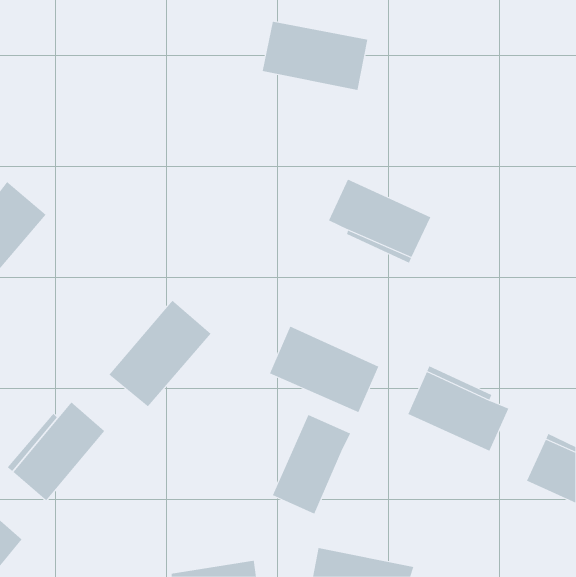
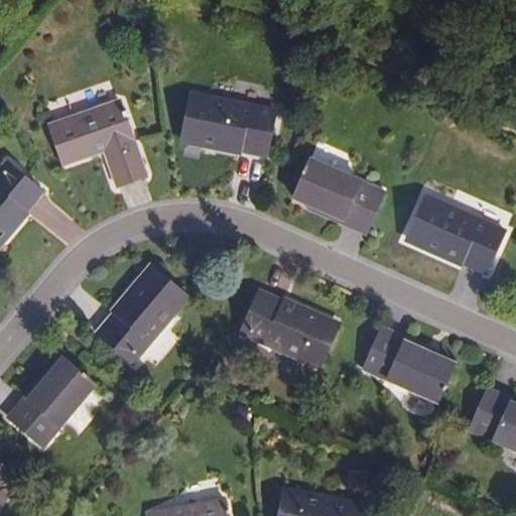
building: [262,21,368,90] -> [180,94,275,155]
building: none -> [48,101,146,186]
building: none -> [406,195,505,273]
building: [272,414,351,515] -> none

